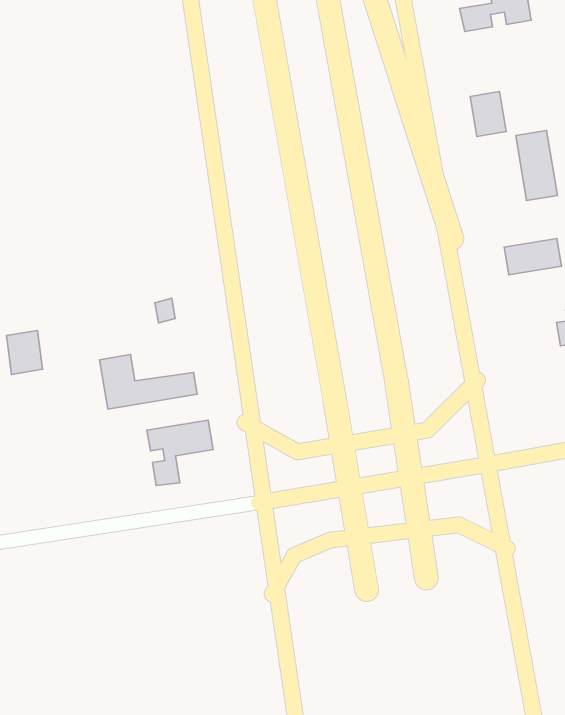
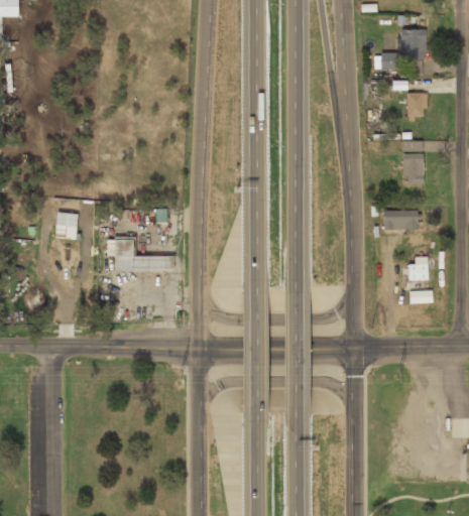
building: [470,91,506,137] -> [407,92,427,118]
building: [147,420,213,486] -> none

